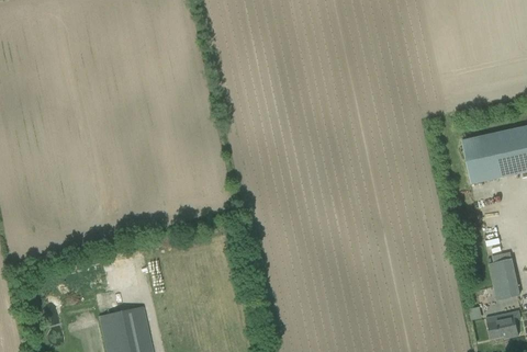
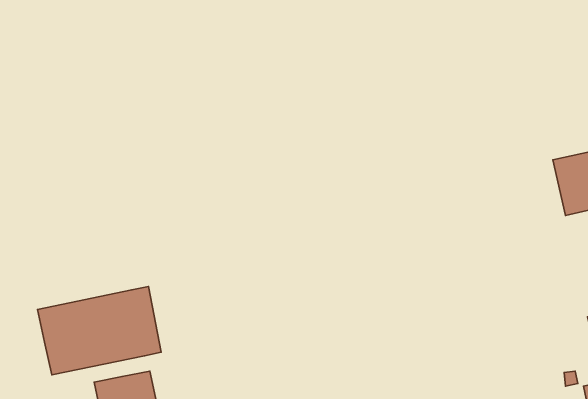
building: none -> [38,286,161,375]

